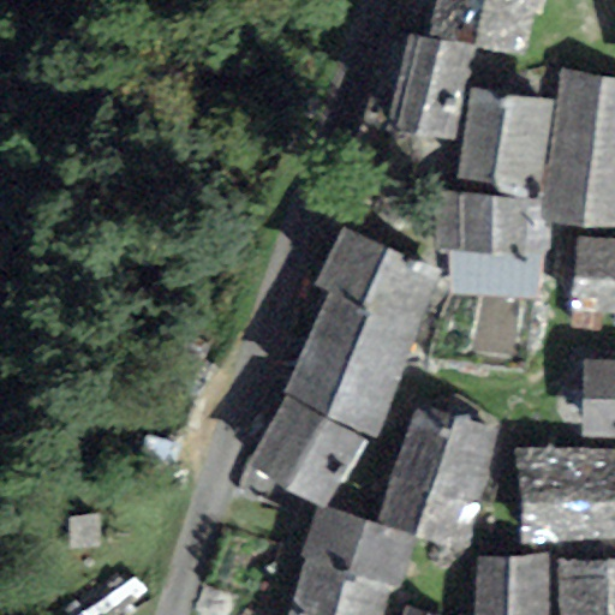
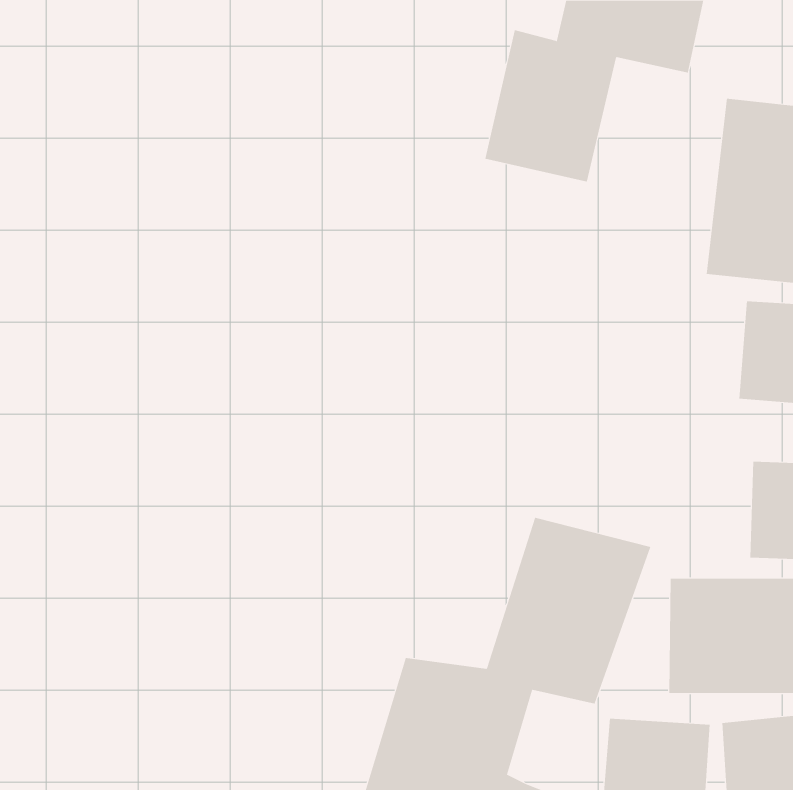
building: [459,86,553,187] -> none
building: [435,195,532,253] -> none
building: [253,217,450,502] -> none

